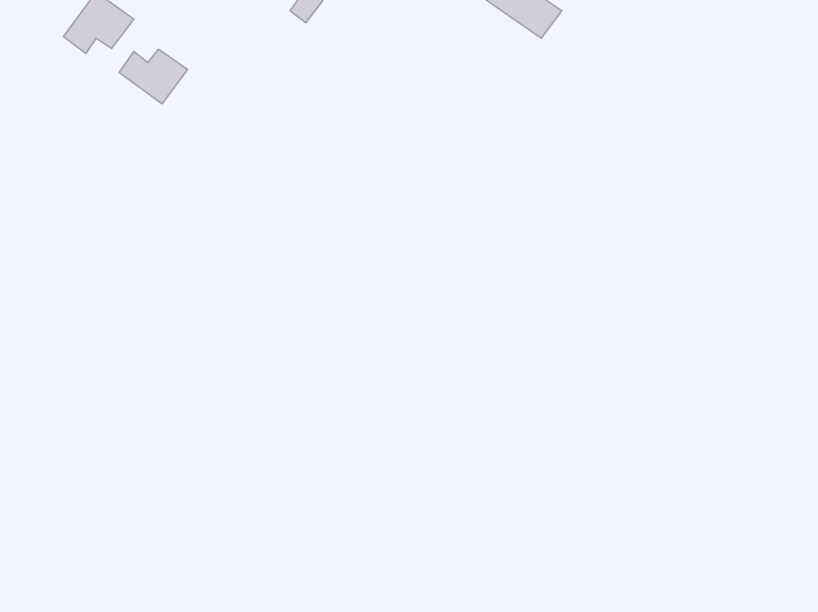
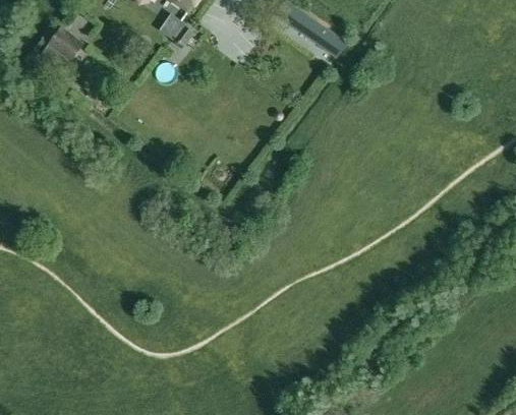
building: [119,49,187,104] -> none

